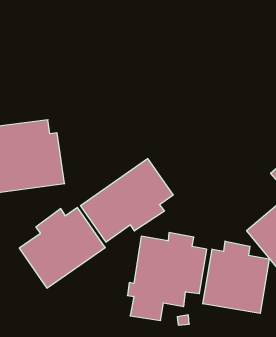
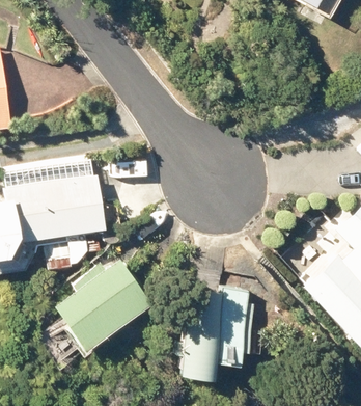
building: [81,159,173,242] -> none
building: [203,241,269,313] -> none

